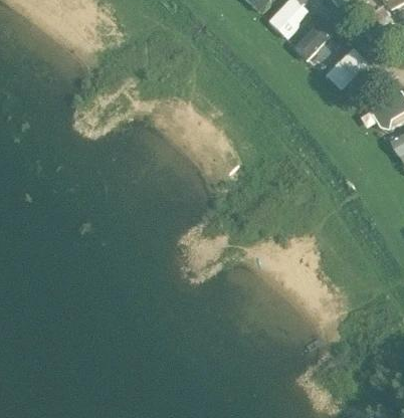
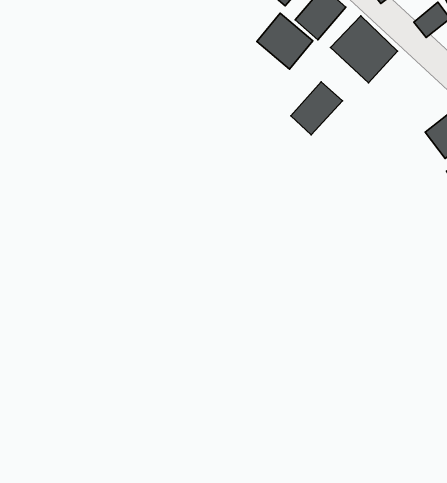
building: none -> [257,13,313,69]
building: [325,50,366,92] -> [291,82,343,135]

